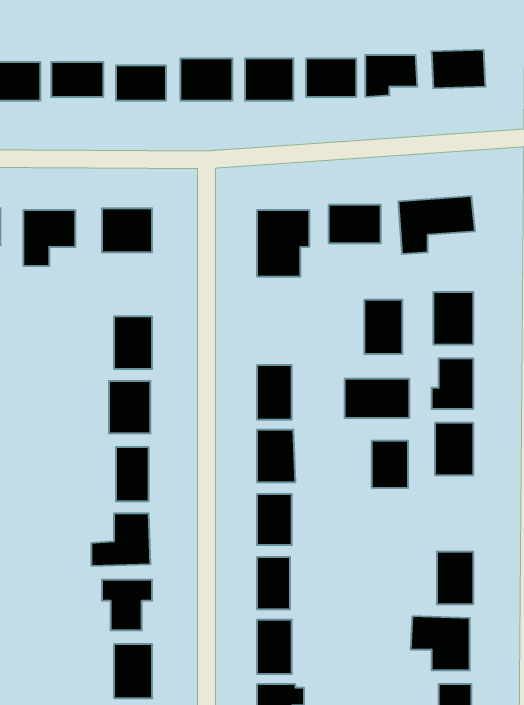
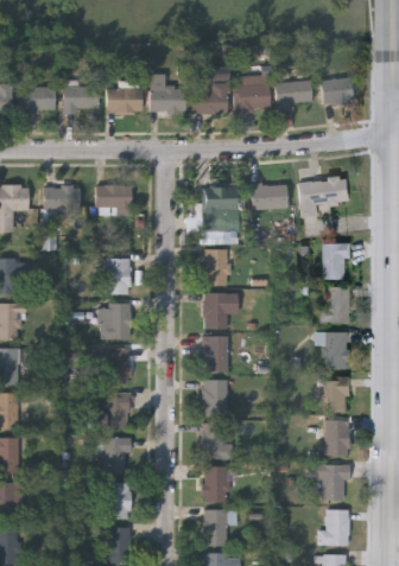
building: [364,300,403,354] -> [202,250,228,287]
building: [345,378,409,418] -> none
building: [372,441,408,488] -> [323,379,348,411]

